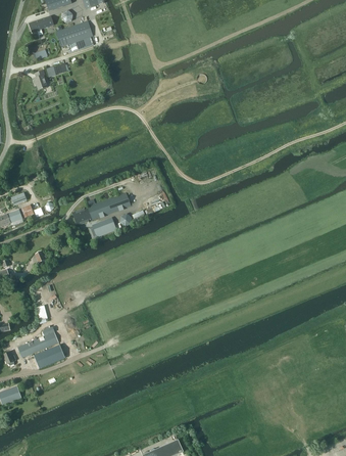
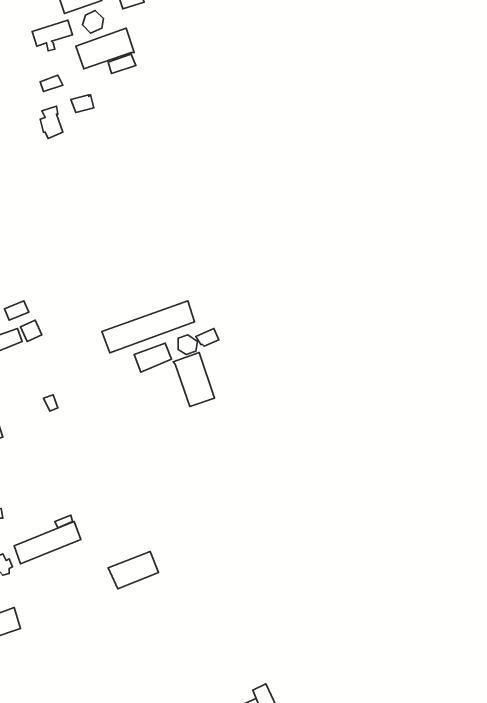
building: none -> [173,353,214,407]
building: [33,345,64,368] -> [108,551,158,589]

